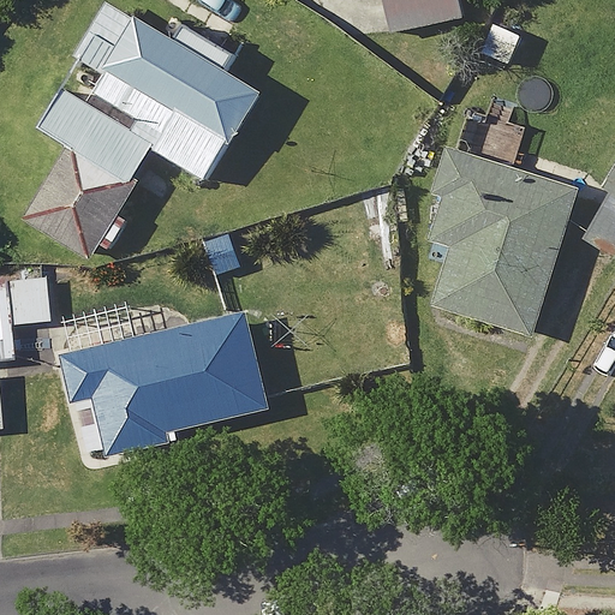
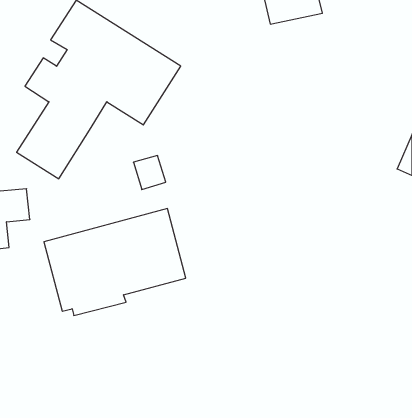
building: [431,148,577,334] -> none

